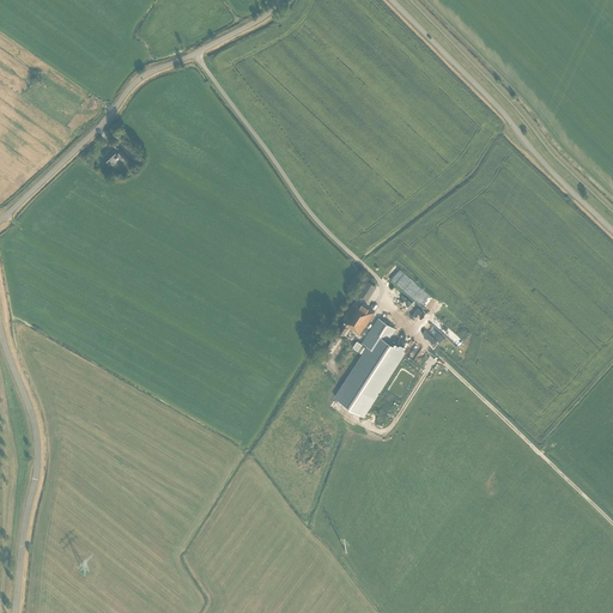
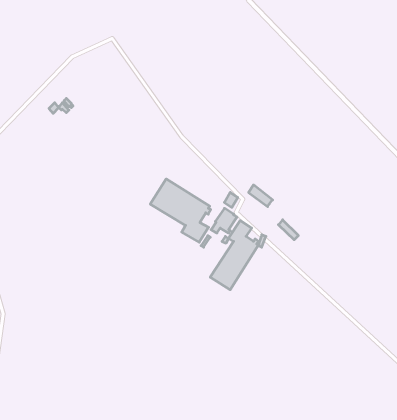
building: none -> [150,179,211,242]

